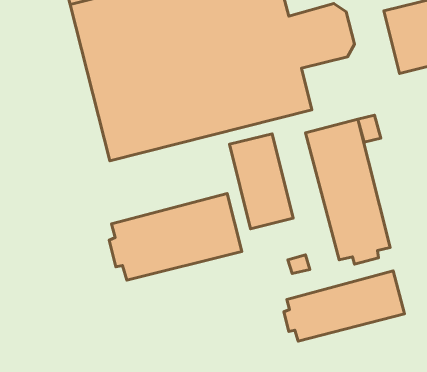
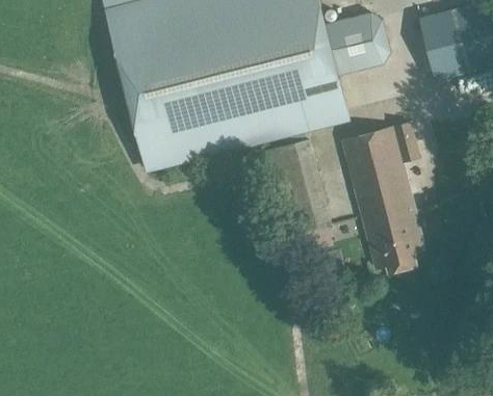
building: [109,193,242,280] -> none
building: [284,271,404,341] -> none

